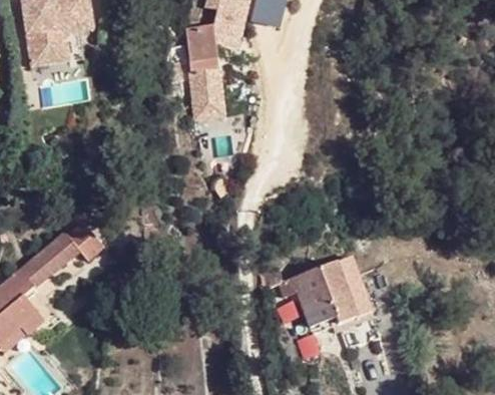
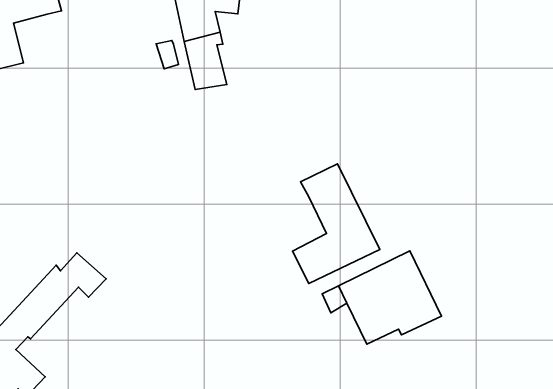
building: [53,27,85,64] -> none
building: none -> [292,164,380,283]

